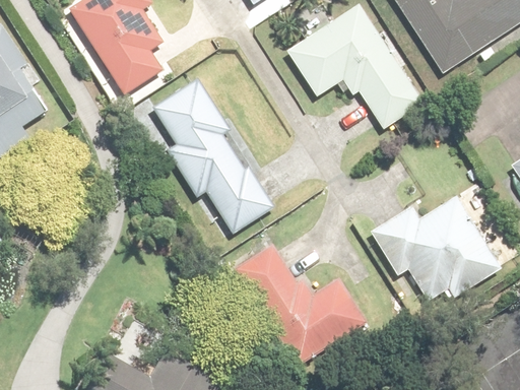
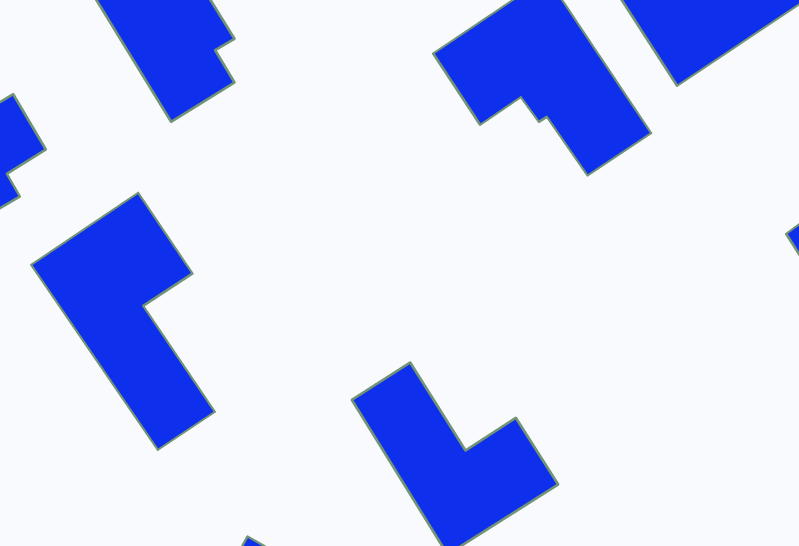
building: [156,82,275,231] -> none
building: none -> [31,193,215,450]
building: [372,196,500,299] -> none

